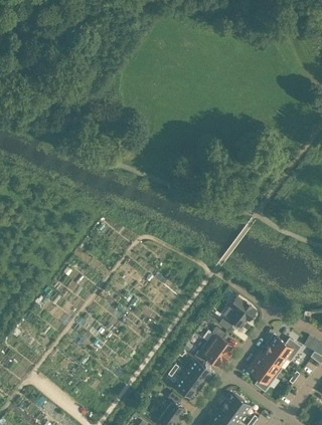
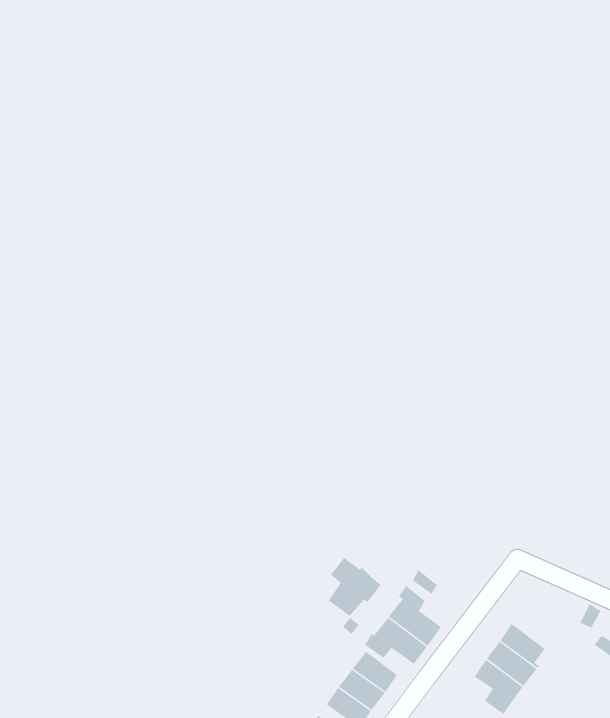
building: [227,297,255,328] -> [328,557,382,617]
building: [268,337,300,362] -> none

